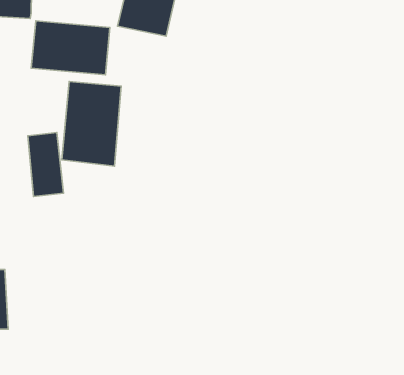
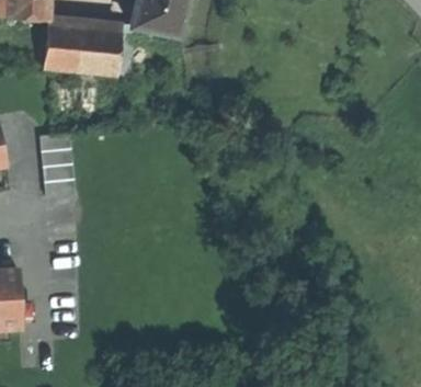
building: [62,82,121,166] -> none

